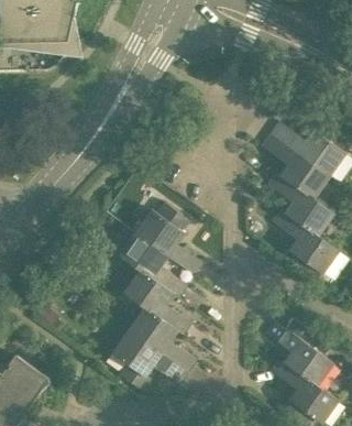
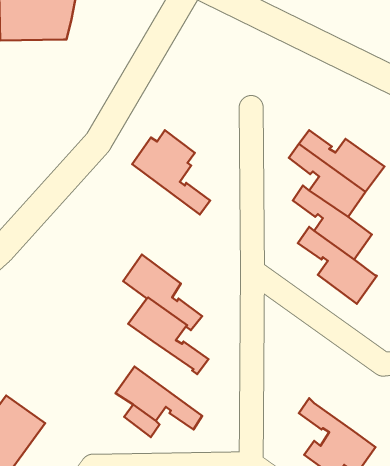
building: [133,201,201,275] -> [132,130,210,214]
building: [127,307,196,372] -> none
building: [265,320,333,385] -> none

